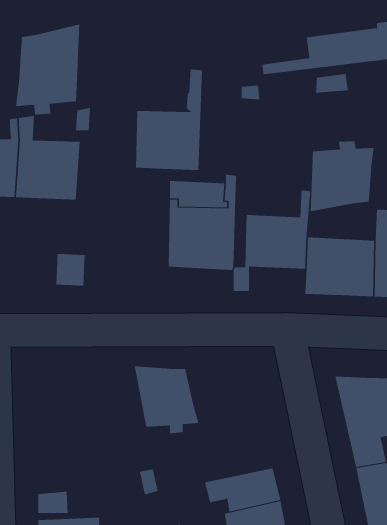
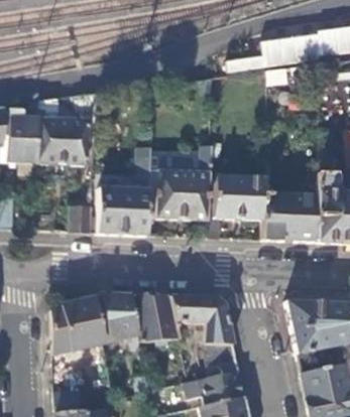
building: [16,24,80,115] -> none
building: [135,69,203,171] -> [99,155,151,234]
building: [310,140,374,212] -> none
building: none -> [100,292,141,349]
building: none -> [170,295,238,379]
building: none -> [51,297,105,359]

